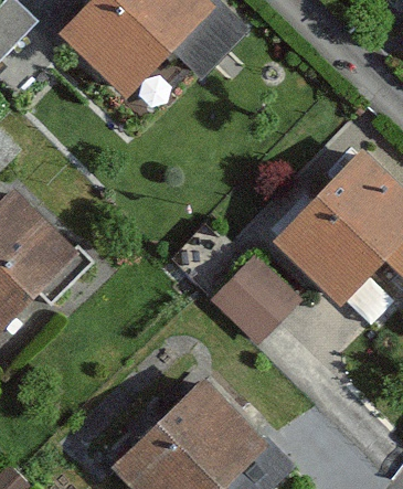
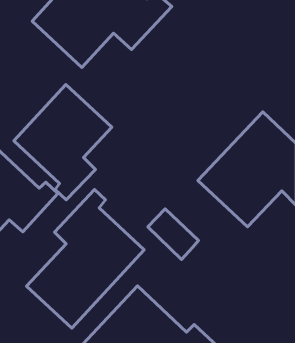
building: none -> [14,84,112,200]
building: none -> [27,190,144,328]

